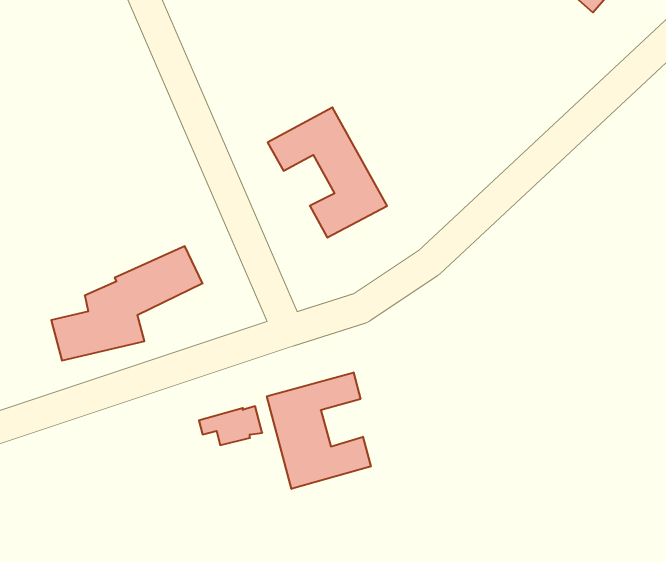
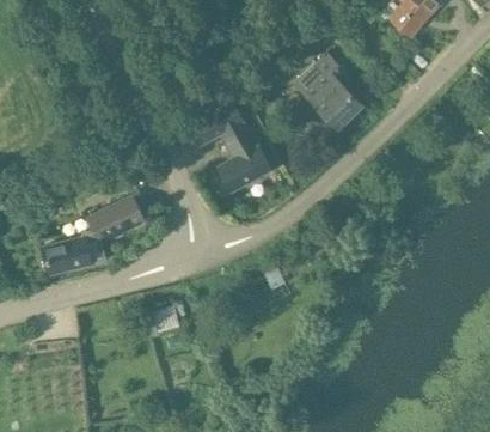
building: none -> [295,54,361,127]
building: [267,372,371,489] -> none

